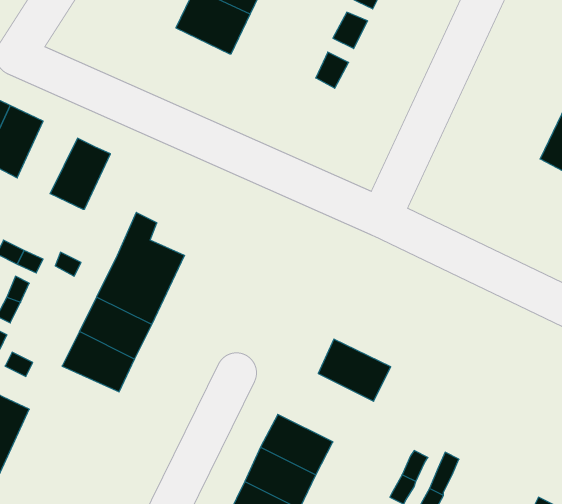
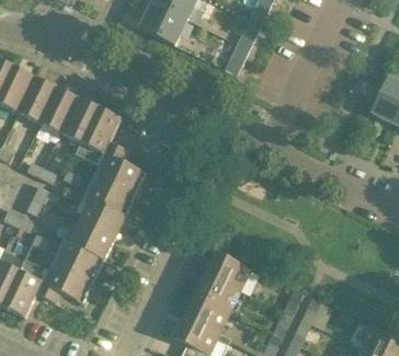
building: none -> [38,85,77,131]
building: none -> [75,106,119,164]
building: [318,339,391,401] -> [204,250,250,289]
building: none -> [41,241,103,301]

